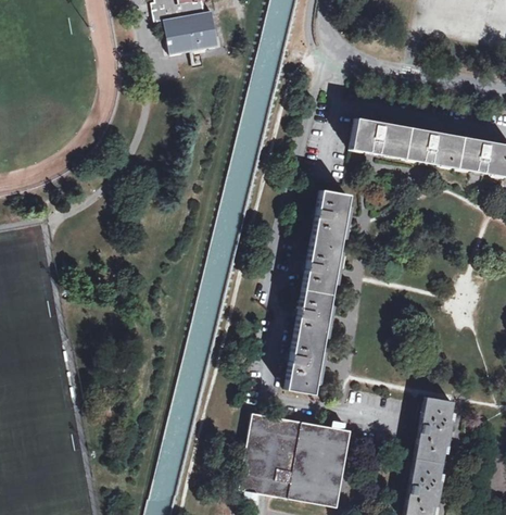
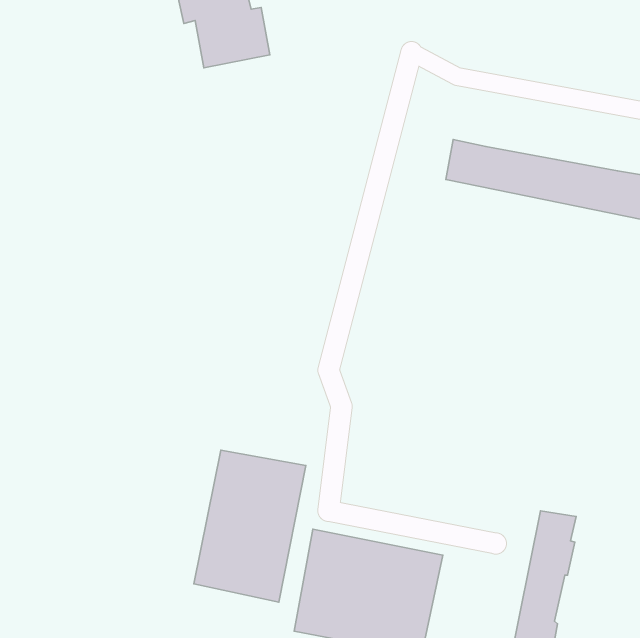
building: [284,188,352,392] -> none
building: none -> [194,450,306,602]

